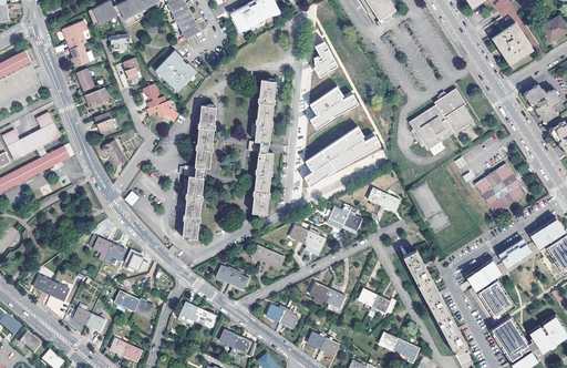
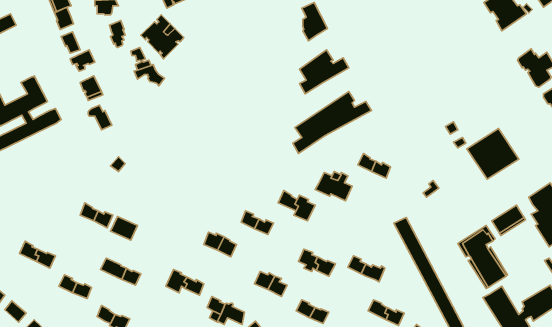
building: [248,80,276,214] -> none
building: [409,88,474,155] -> none
building: [182,105,216,239] -> none

